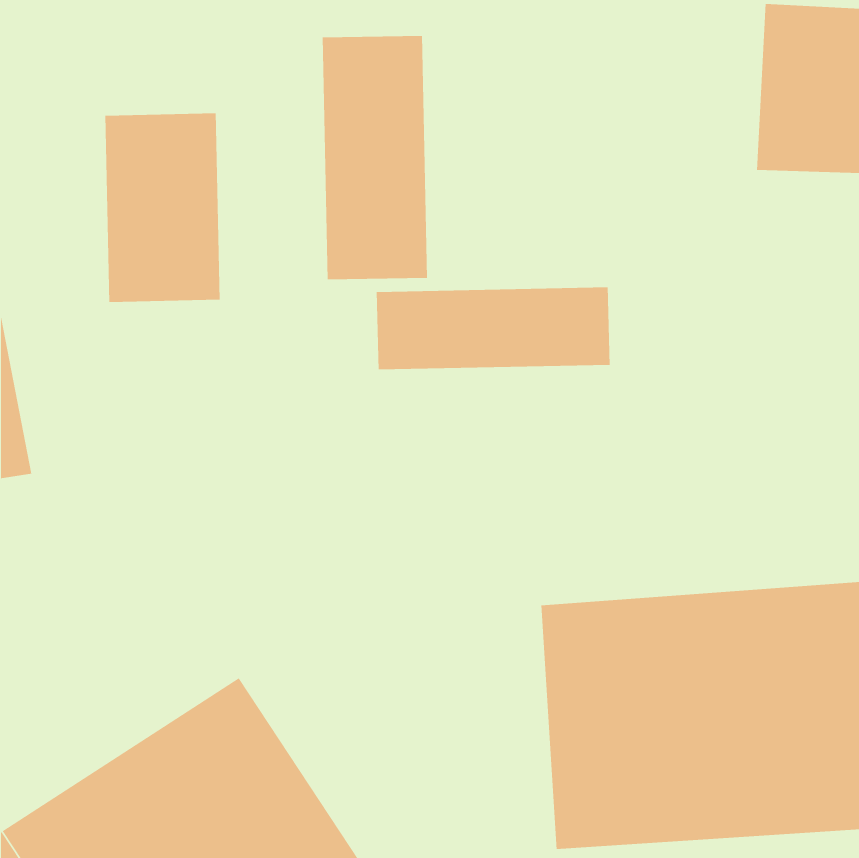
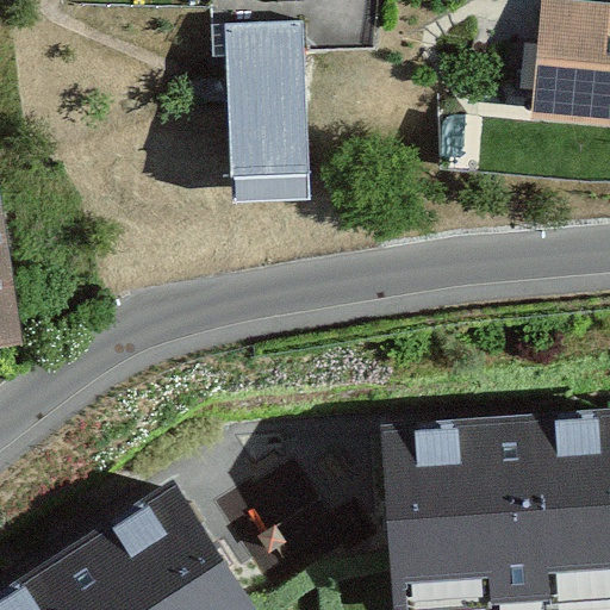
building: [105,112,220,303] -> none
building: [376,287,610,370] -> none

